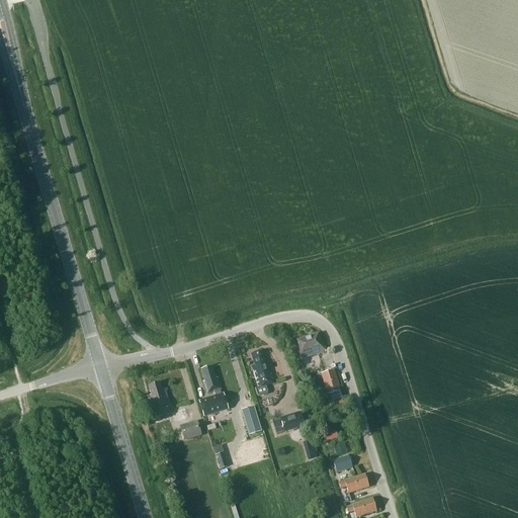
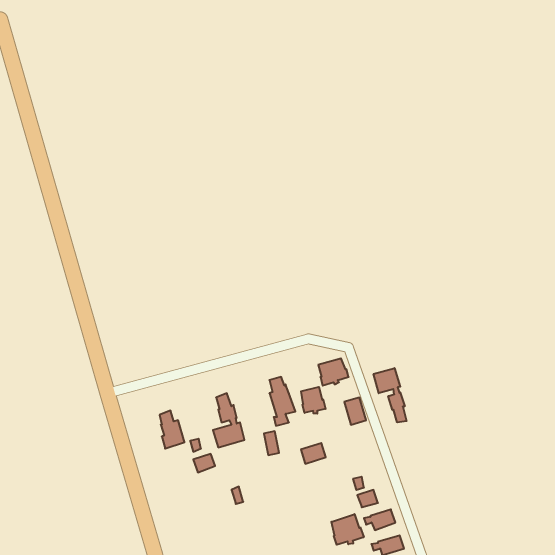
building: none -> [374,368,407,422]
building: none -> [301,387,326,414]
building: none -> [331,514,364,545]

